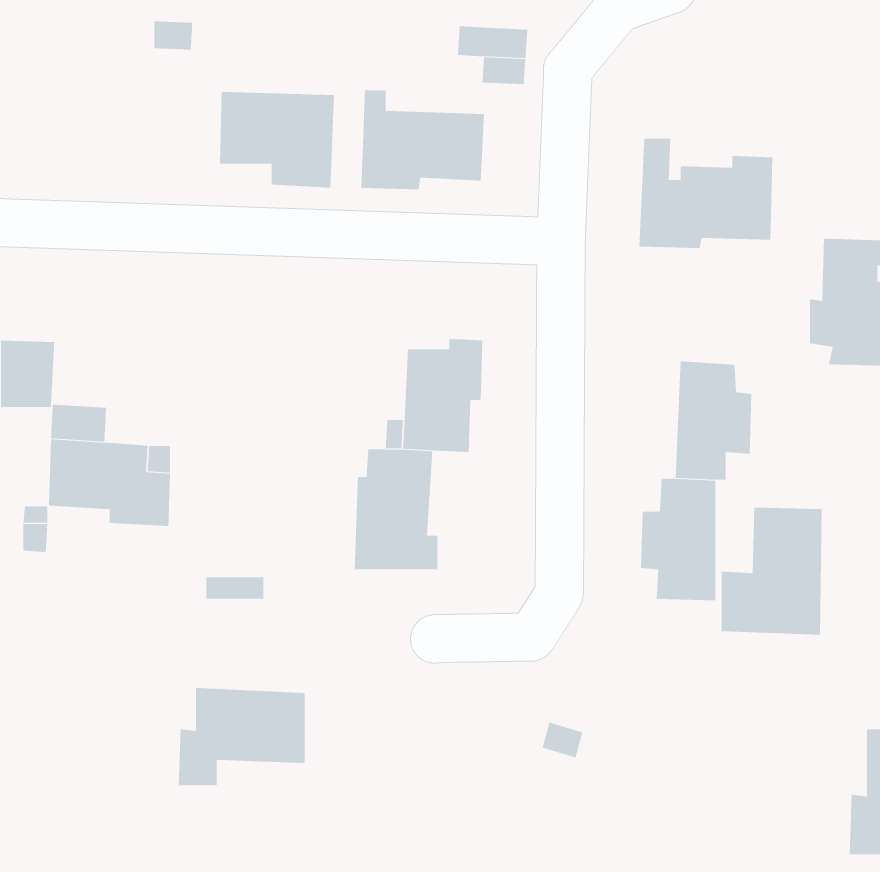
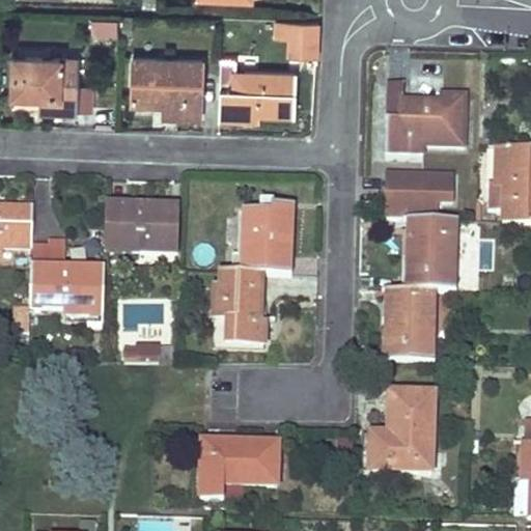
building: none -> [12,52,78,107]
building: none -> [384,168,453,209]
building: none -> [105,204,179,254]
building: [721,507,823,635] -> [370,392,431,469]
building: [178,687,306,786] -> [200,439,277,498]

